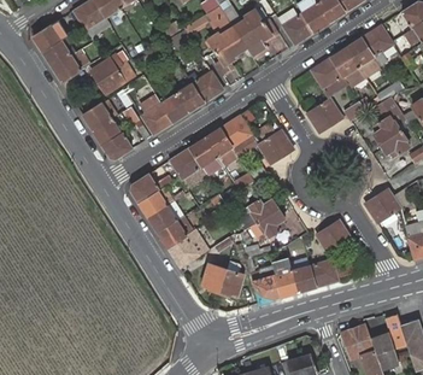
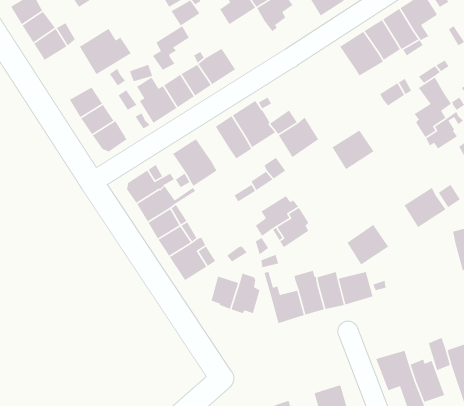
building: [215,37,246,76] -> [153,25,190,71]
building: [306,99,342,133] -> [331,130,374,170]
building: [189,137,223,175] -> none

